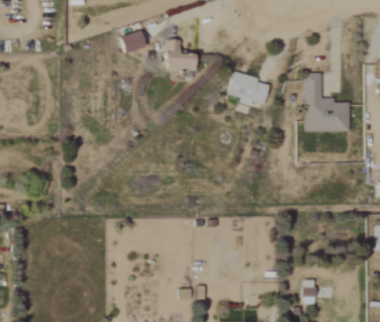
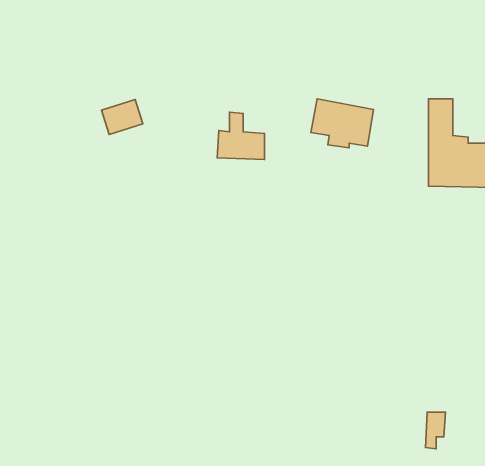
building: [118,30,146,53] -> [102,99,143,135]
building: [164,39,195,71] -> [217,112,265,159]

